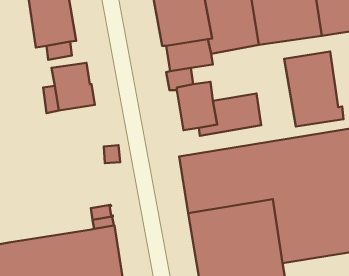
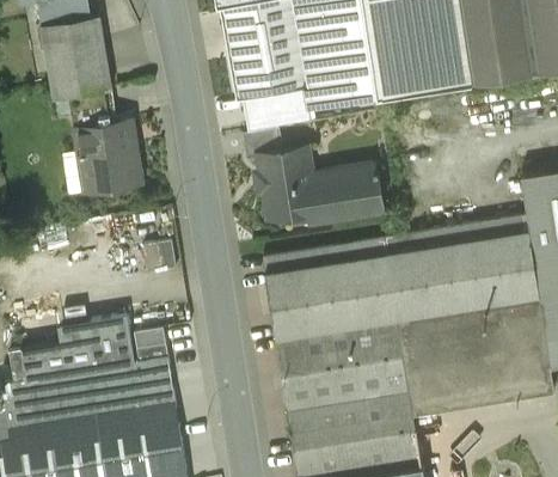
building: [284,51,344,126] -> none
building: none -> [10,317,135,385]

